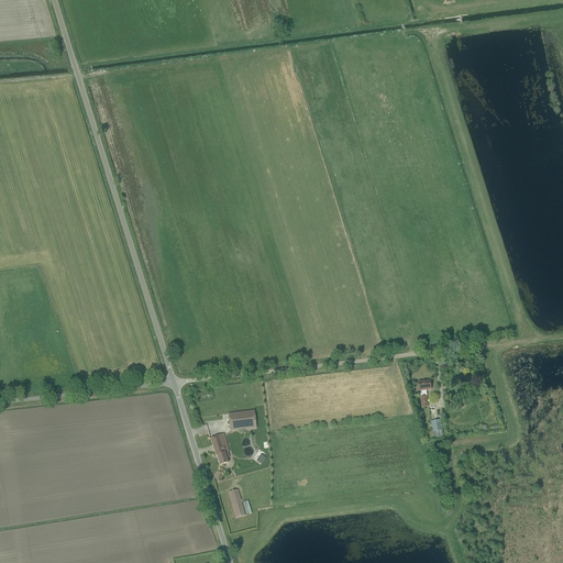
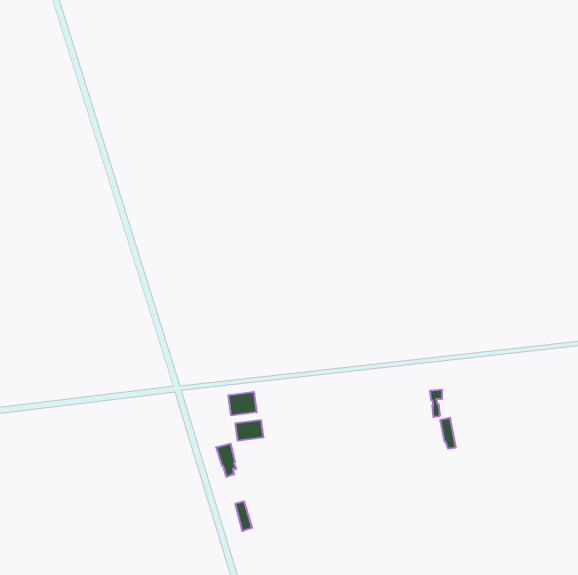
building: none -> [229,392,256,415]

